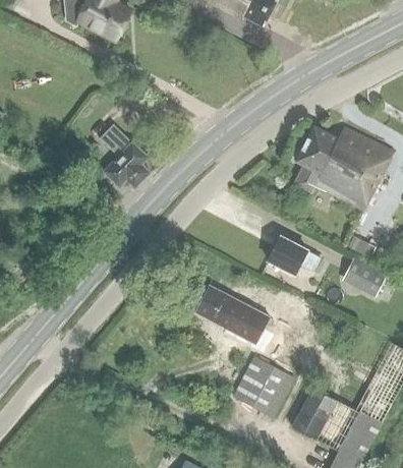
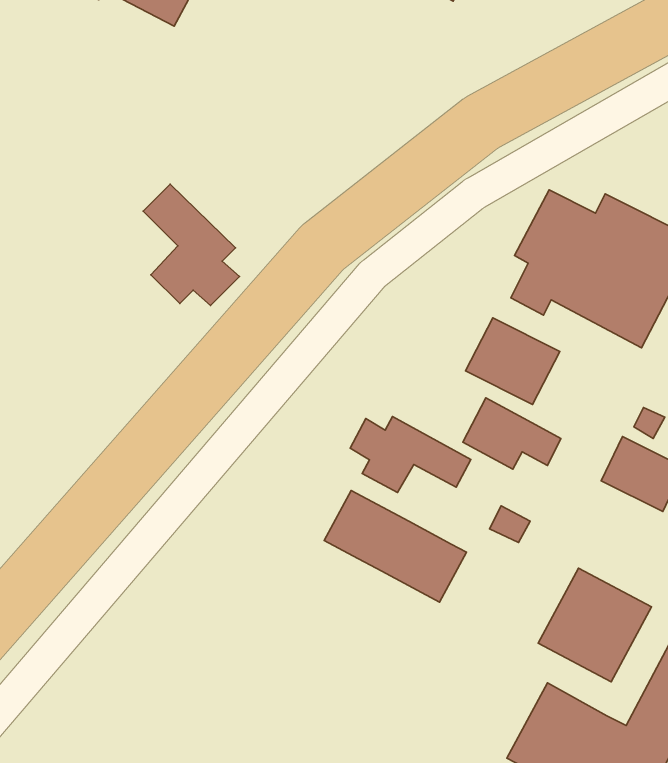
building: none -> [465,318,560,404]
building: none -> [350,417,471,492]
building: [232,356,292,416] -> [538,568,652,682]

